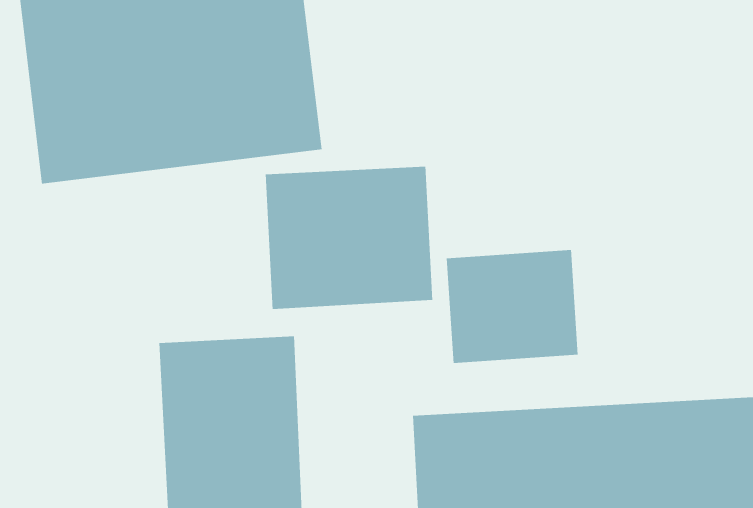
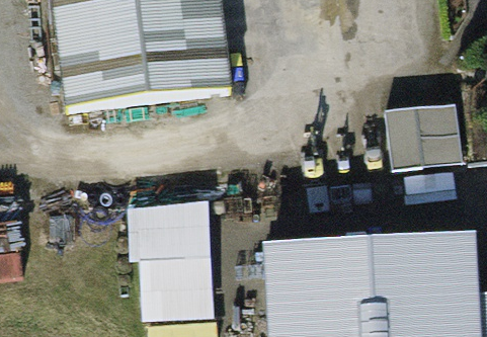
building: [265,166,433,310] -> none
building: [446,250,579,364] -> [383,102,461,169]

